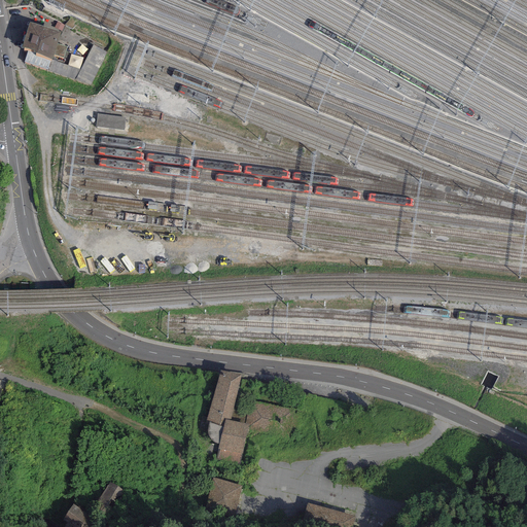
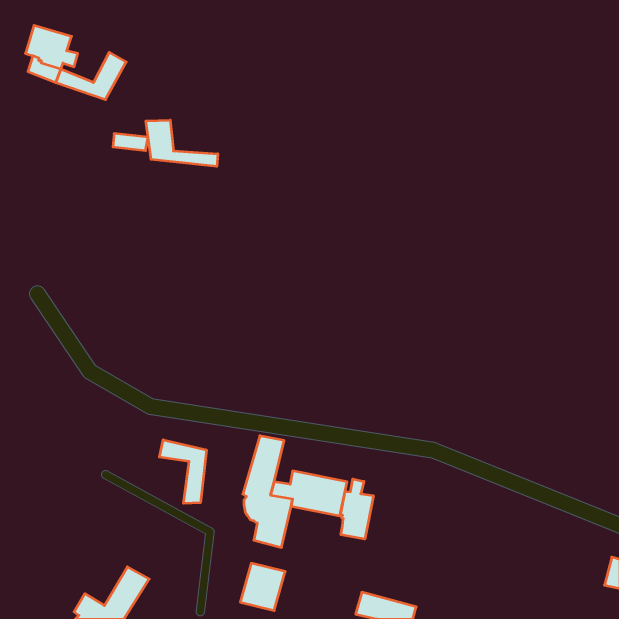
building: none -> [146,120,218,166]
building: none -> [159,440,206,503]
building: none -> [341,479,373,539]

